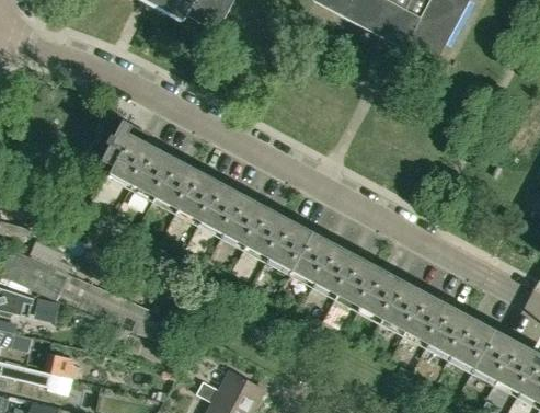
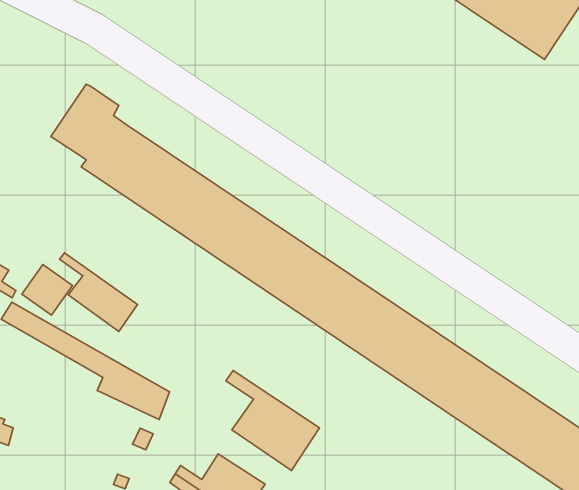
building: none -> [60,253,137,331]
building: none -> [226,371,319,471]

